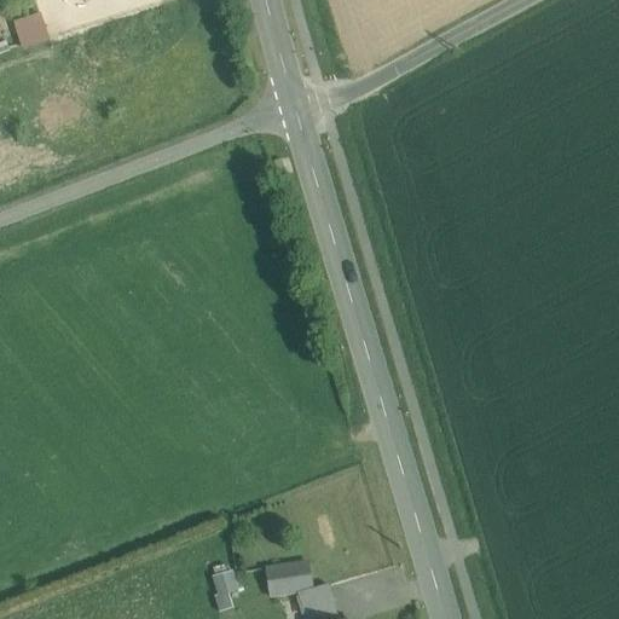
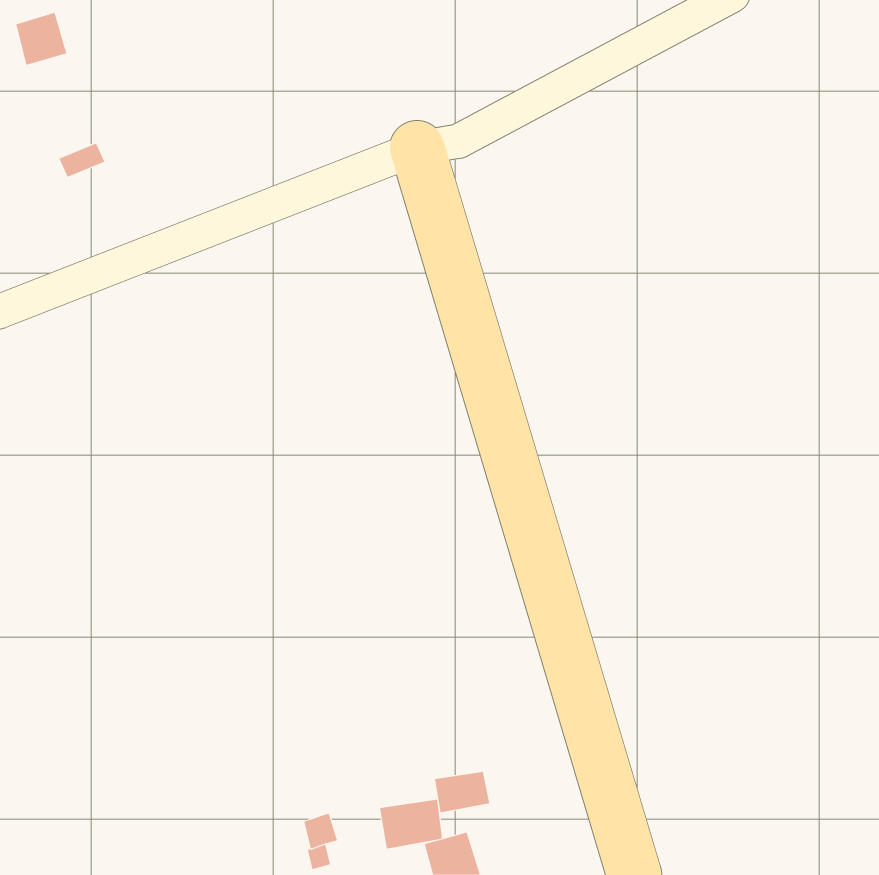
building: none -> [434,771,490,813]

